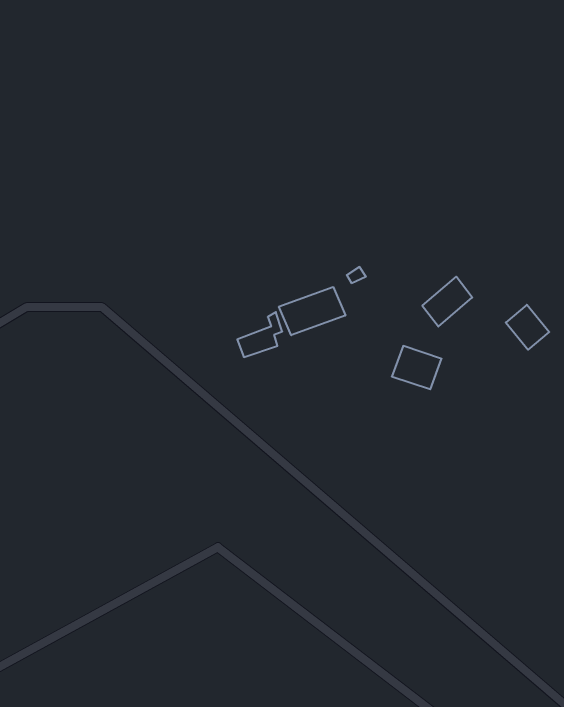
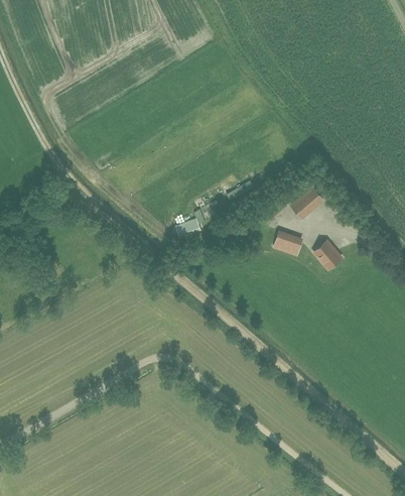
building: [279,287,345,335] -> none
building: [506,305,549,350] -> [313,241,341,269]

